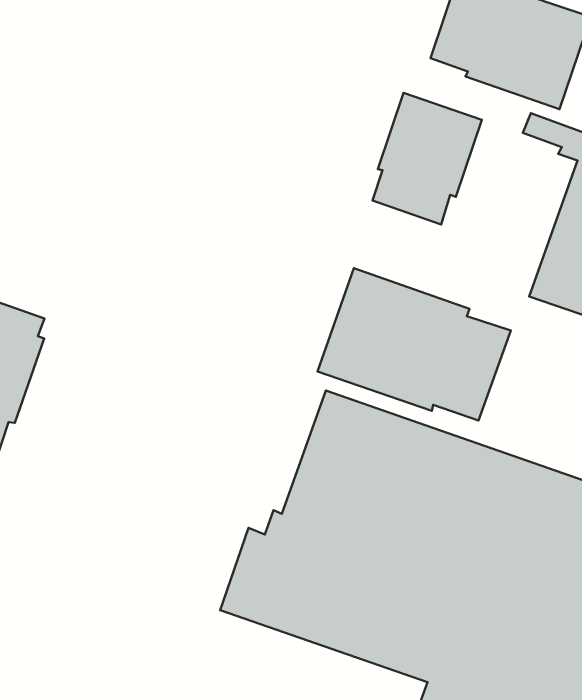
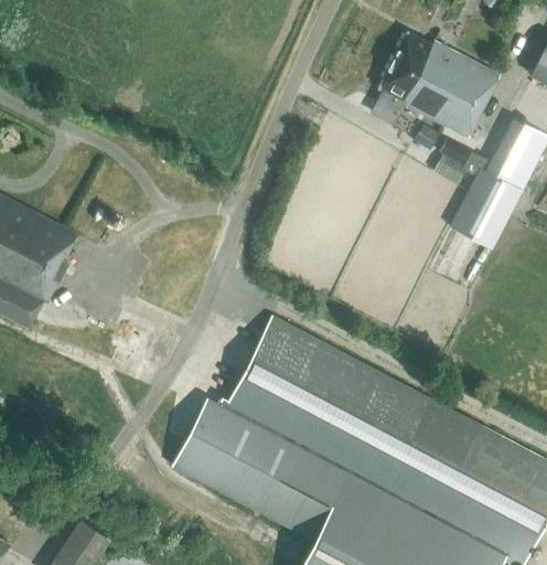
building: [373,93,482,224] -> none
building: [317,268,511,420] -> none

